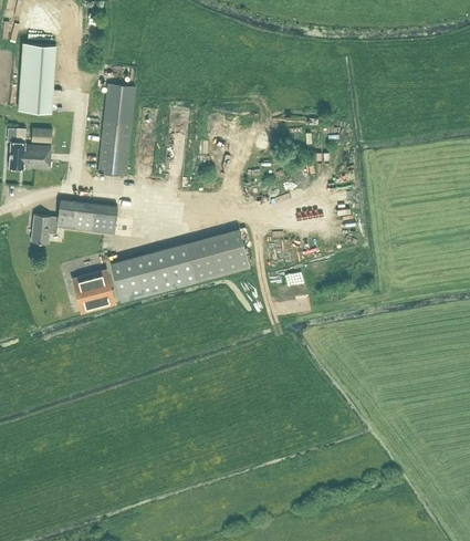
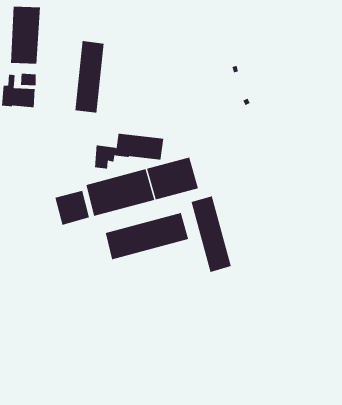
building: [31,199,116,243] -> [94,133,164,169]
building: none -> [191,195,231,273]
building: none -> [105,212,189,260]

